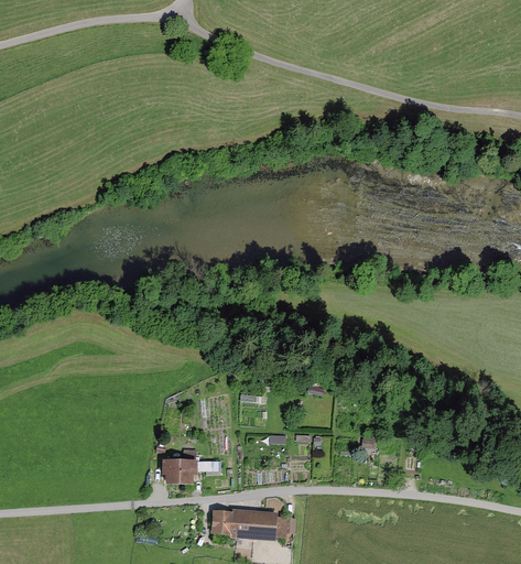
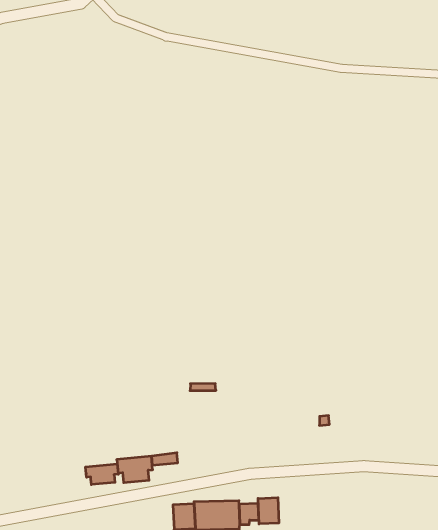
building: none -> [86,464,118,485]
building: none -> [258,498,279,524]

